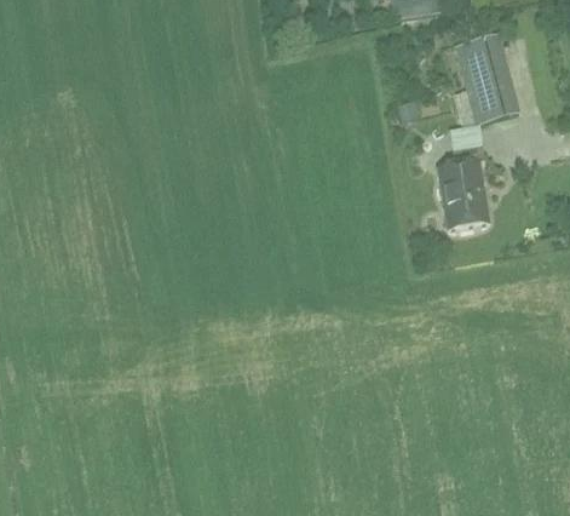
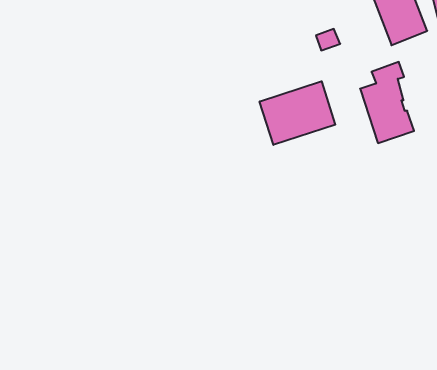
building: none -> [260,81,335,145]

